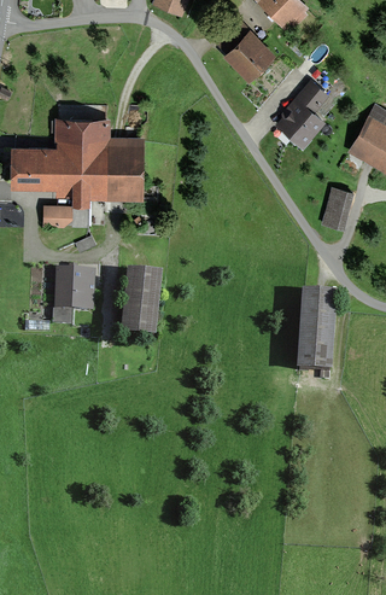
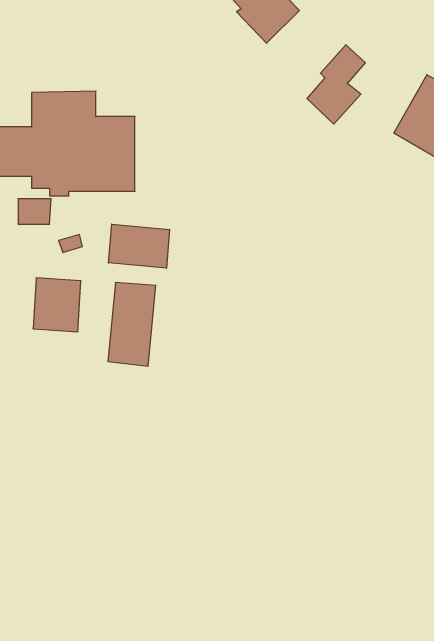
building: [322,188,353,231] -> none
building: none -> [109,224,170,268]
building: [298,290,339,372] -> none

